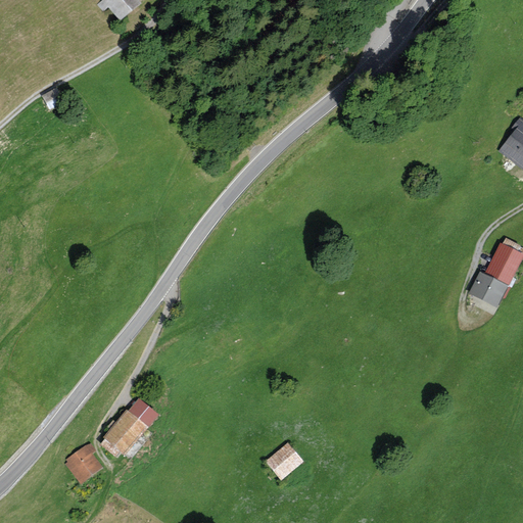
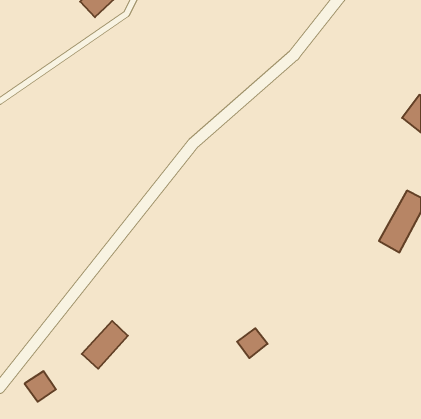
building: [266,441,303,478] -> [237,328,268,358]
building: [63,443,102,481] -> [25,371,56,402]

